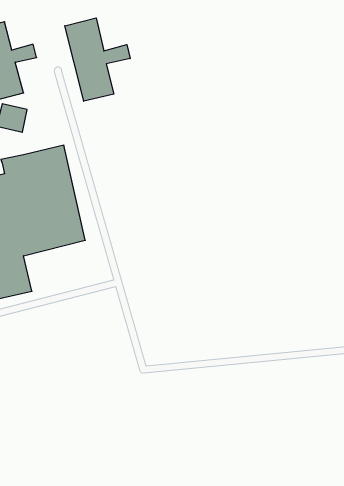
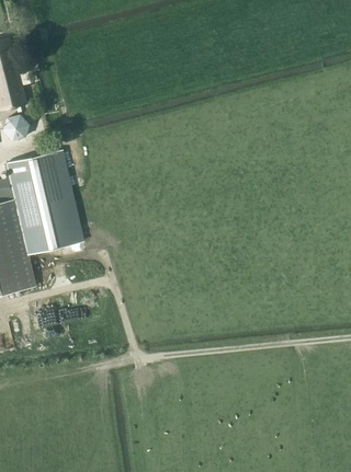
building: [65,18,130,101] -> none

